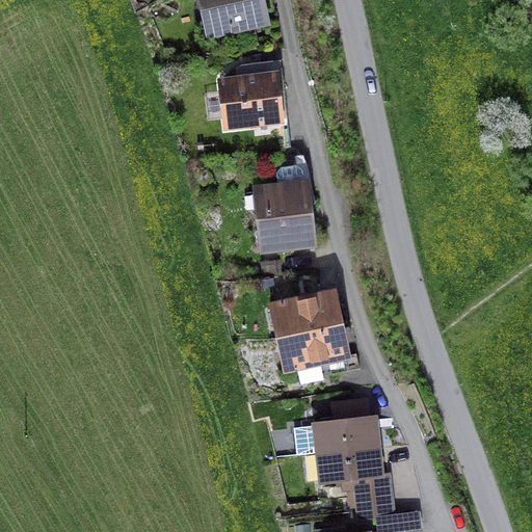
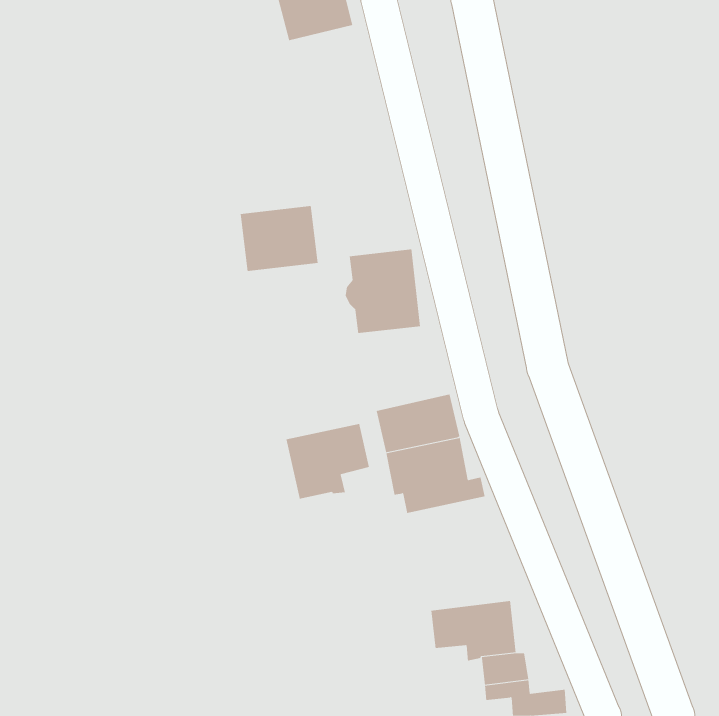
building: [221,75,280,124] -> [240,206,318,272]
building: none -> [286,423,369,500]
building: [294,397,377,453] -> none

